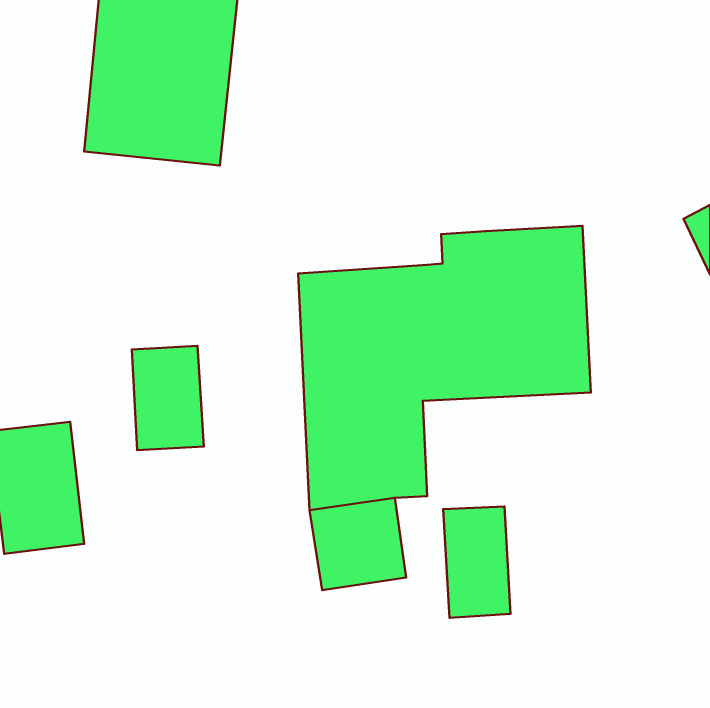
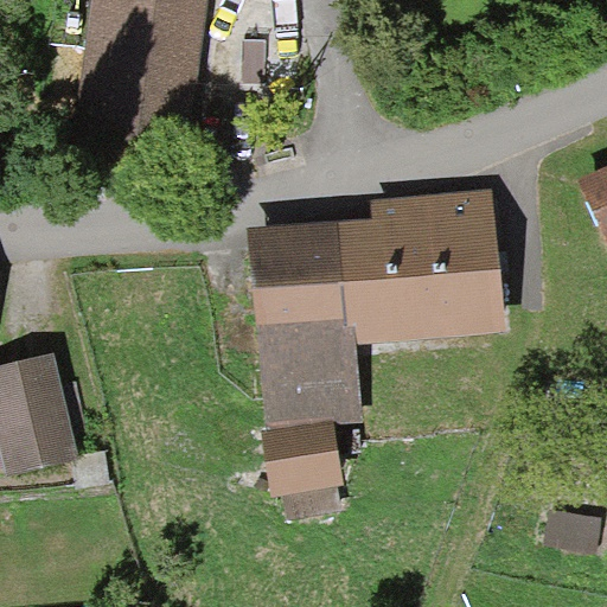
building: [132,346,204,450] -> none
building: [443,507,511,618] -> none

